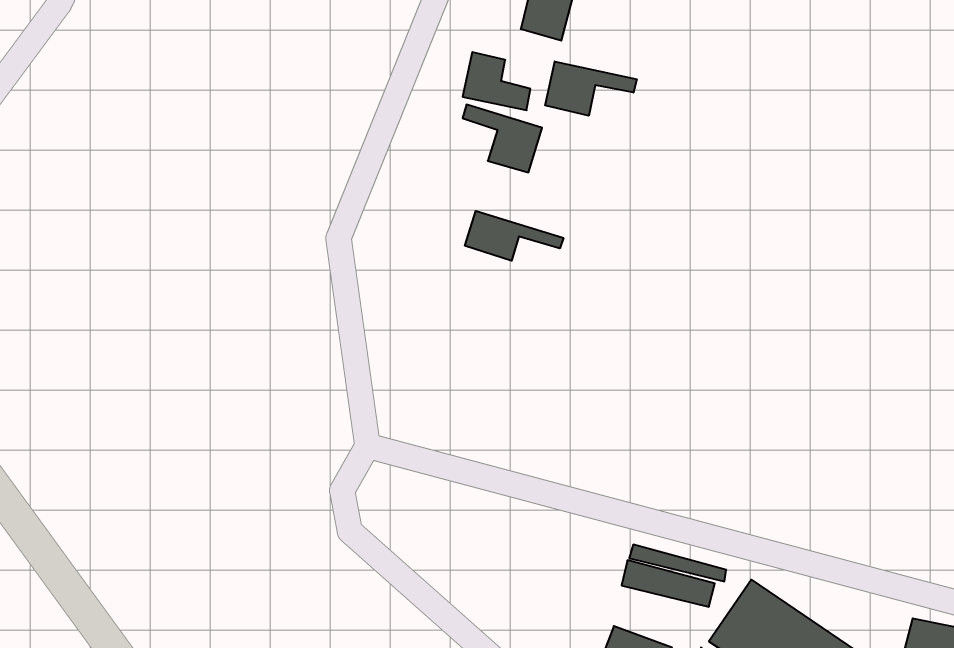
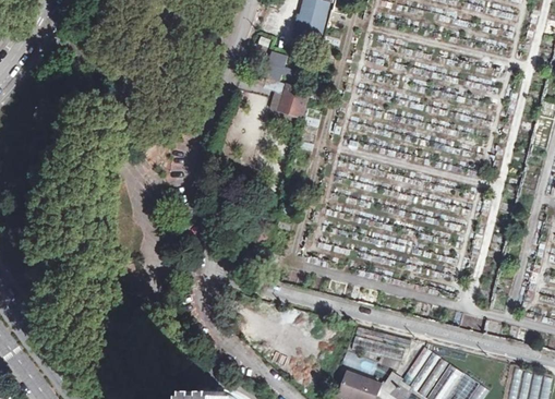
building: [545,61,637,116] -> none
building: [465,211,563,261] -> none

